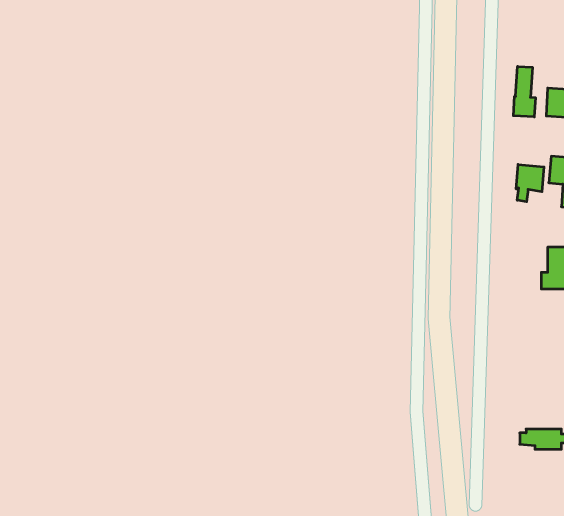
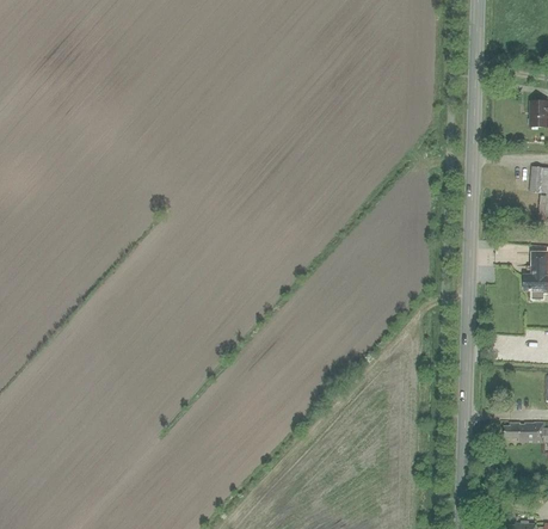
building: [513,66,535,117] -> none
building: [516,164,544,202] -> none

